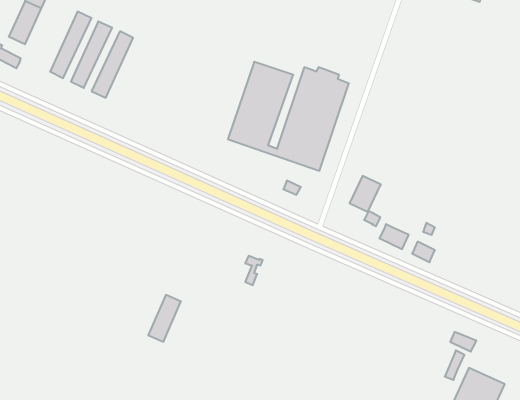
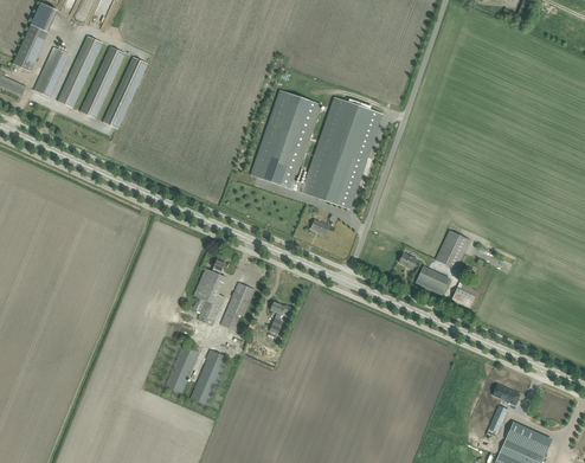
building: none -> [33,46,69,97]
building: [349,176,381,212] -> [435,230,469,269]
building: none -> [191,259,225,326]
building: none -> [219,282,253,330]
building: none -> [189,348,227,405]

